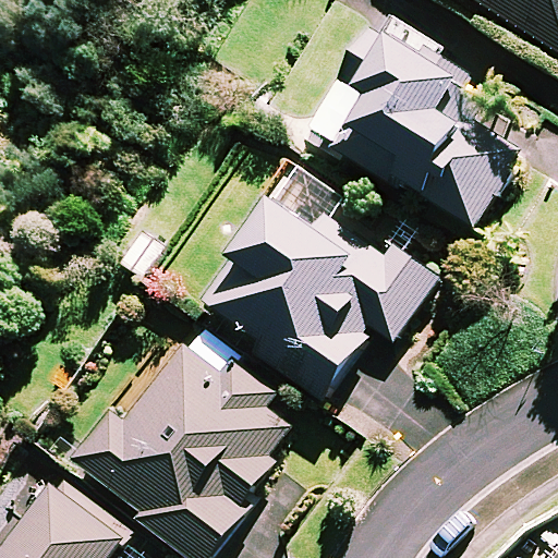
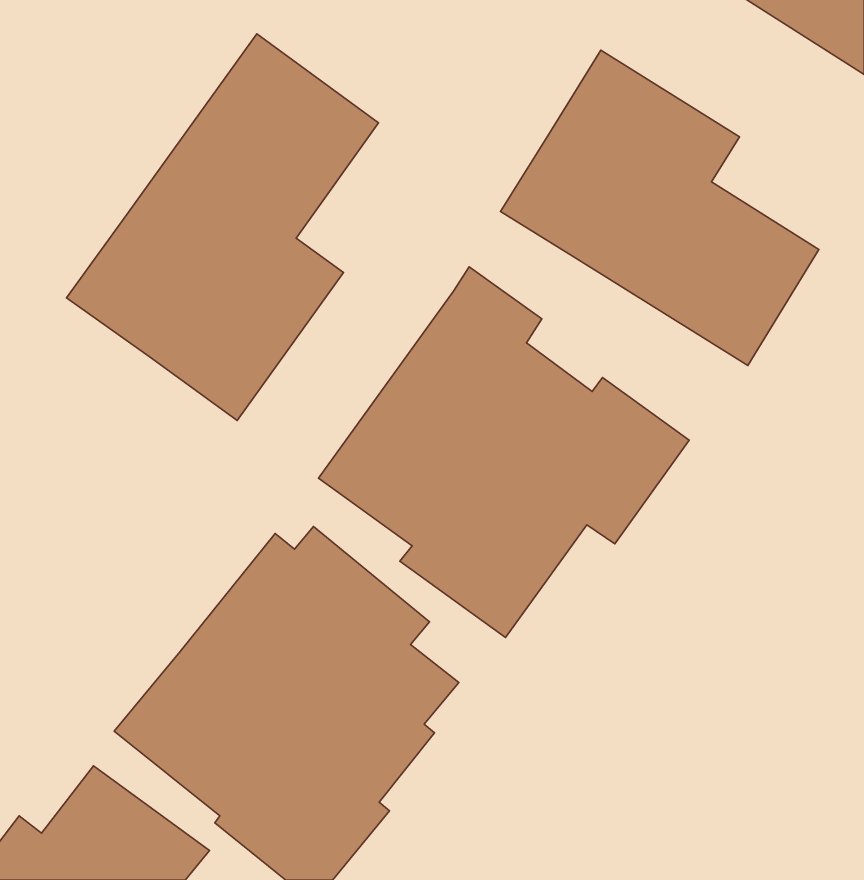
building: none -> [67,34,378,421]

